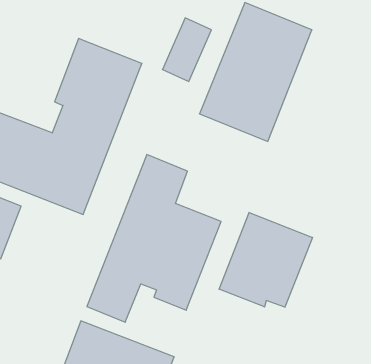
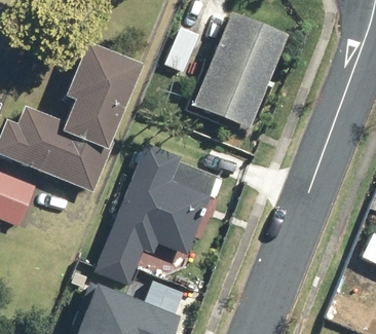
building: [219,212,312,307] -> none

